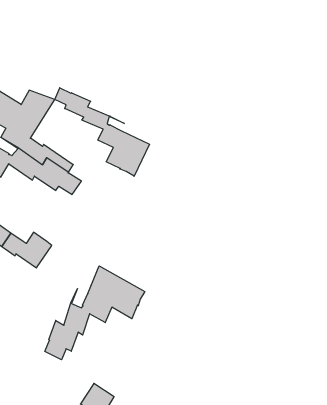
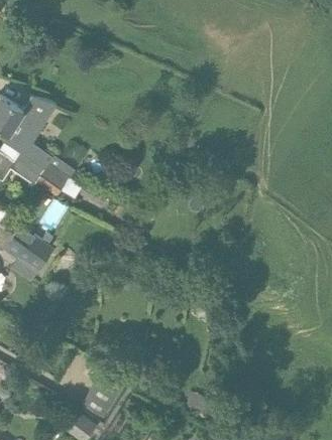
building: [55,88,150,176] -> none
building: [45,266,145,360] -> none

